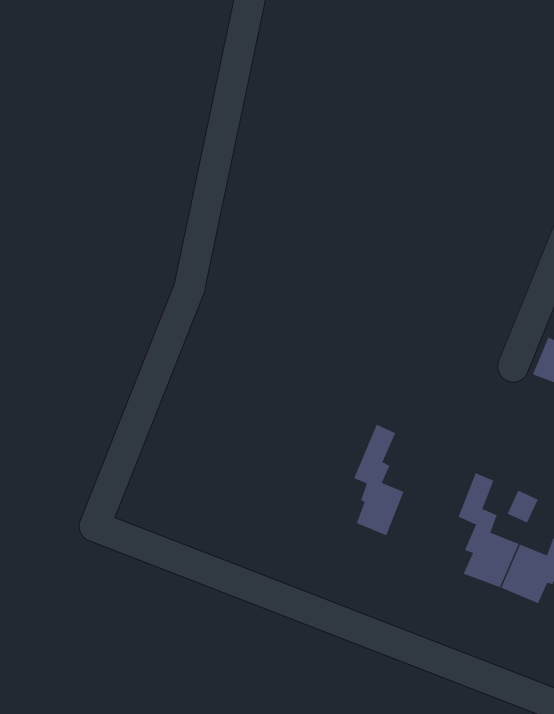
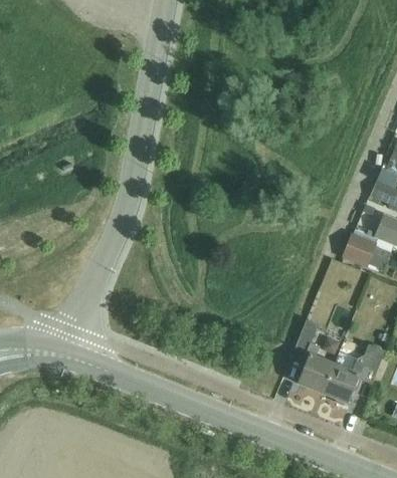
building: [354,424,404,536] -> none

